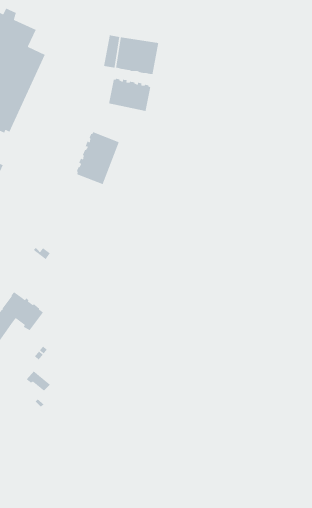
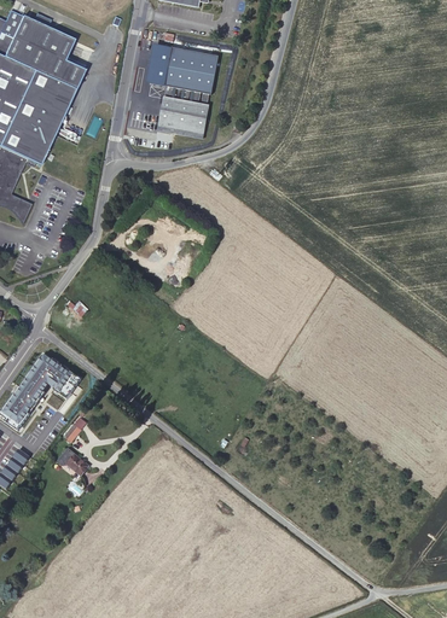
building: [76,131,120,185] -> none

